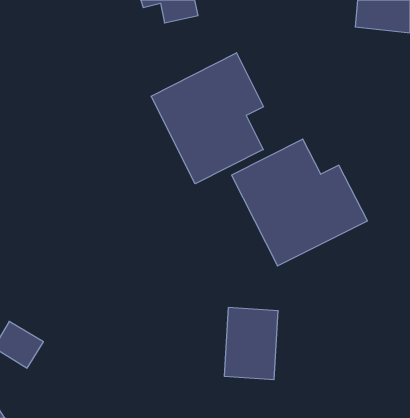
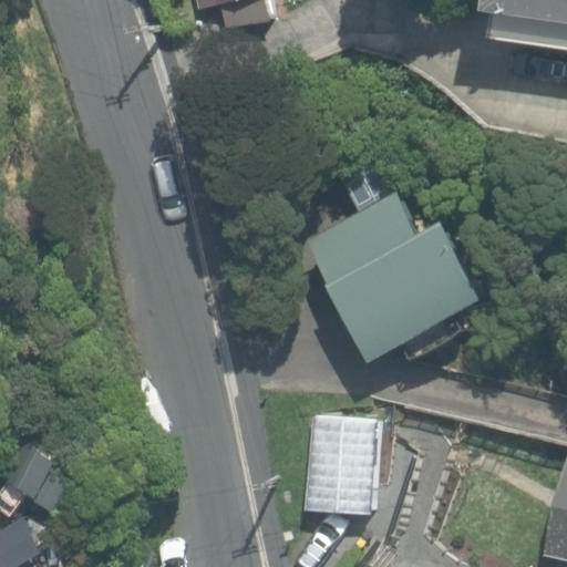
building: [151,53,263,184] -> none

